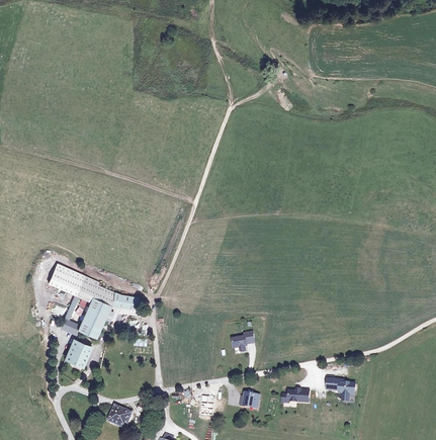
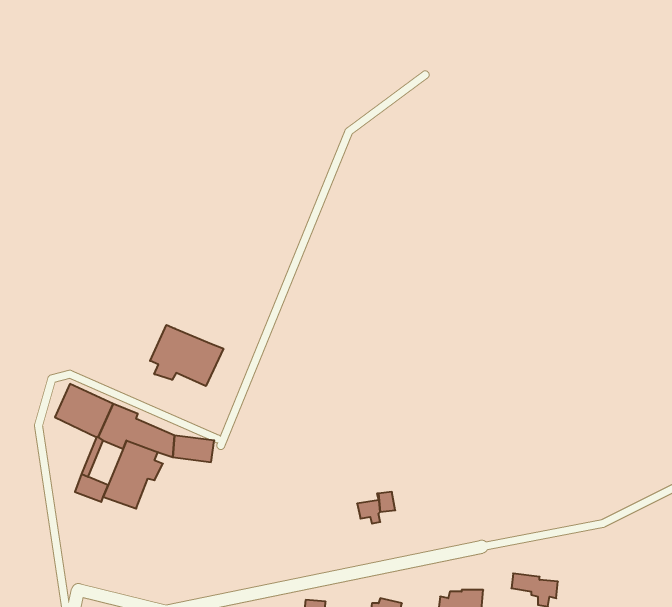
building: none -> [150,325,223,386]
building: [64,339,92,368] -> none

